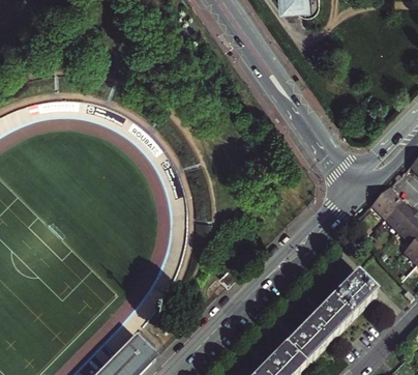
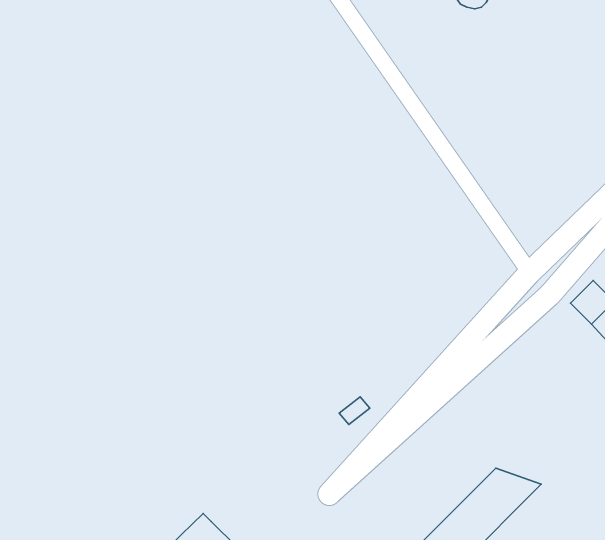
building: [322,276,375,320] -> none

